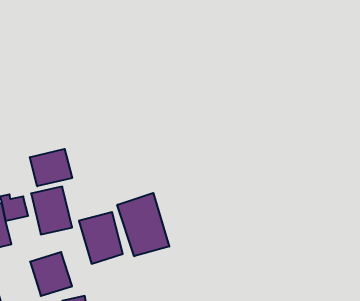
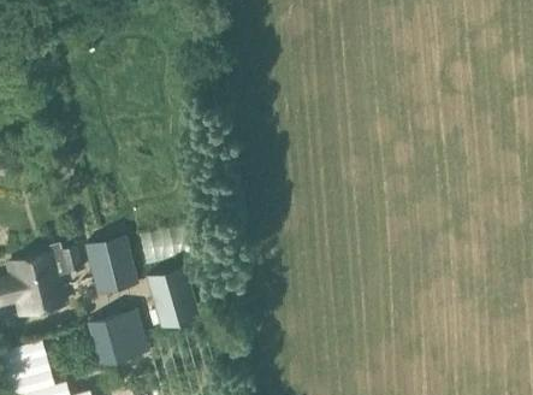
building: [30,149,72,186] -> none
building: [117,193,169,256] -> none

